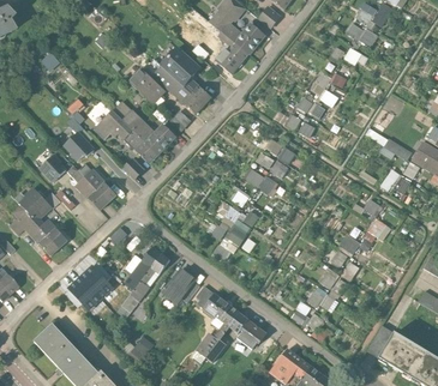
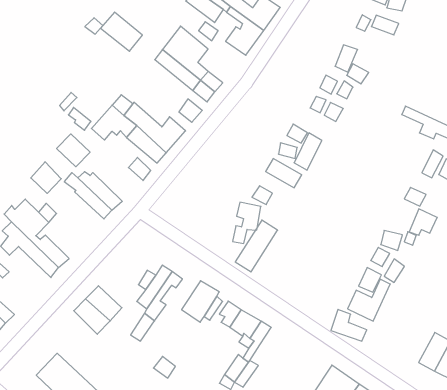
building: [130,68,166,103] -> [100,12,142,51]
building: [229,312,268,349] -> none

